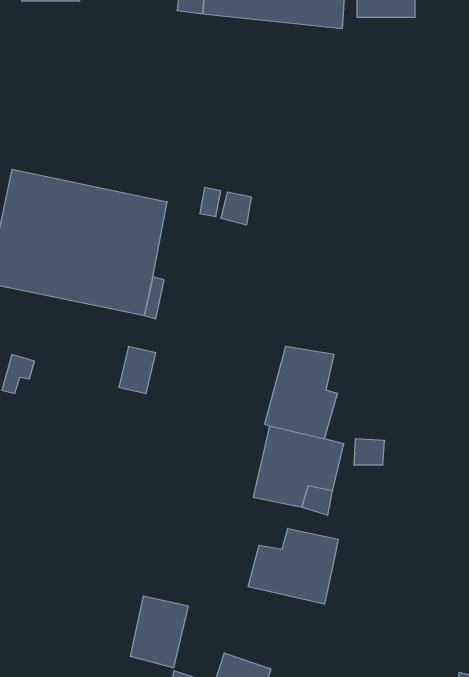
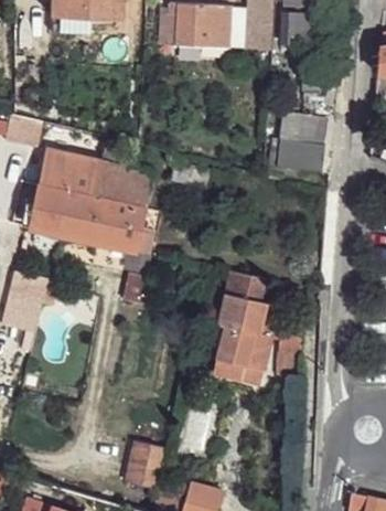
building: none -> [275,111,330,174]
building: [248,528,338,604] -> none

